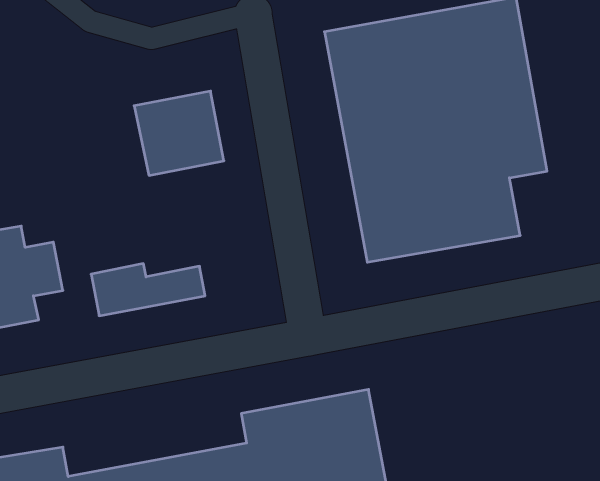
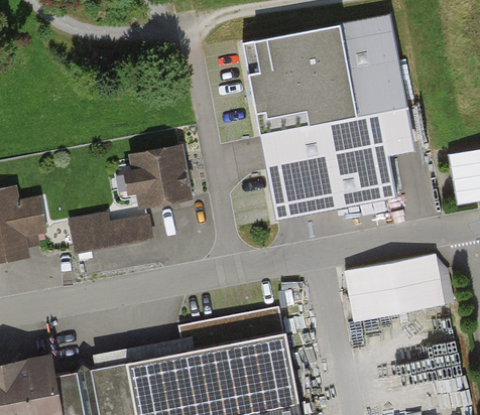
building: [134,91,224,175] -> [127,147,195,211]
building: none -> [348,251,448,315]

